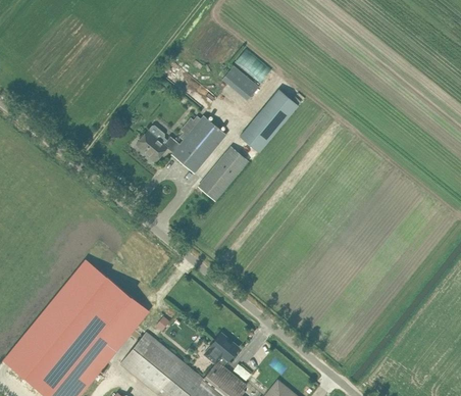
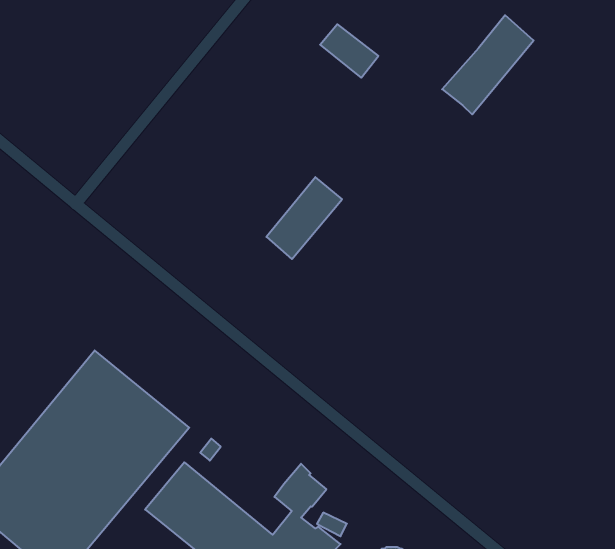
building: [220,65,258,100] -> none
building: [238,89,297,153] -> [442,15,534,114]
building: [135,115,225,172] -> none

